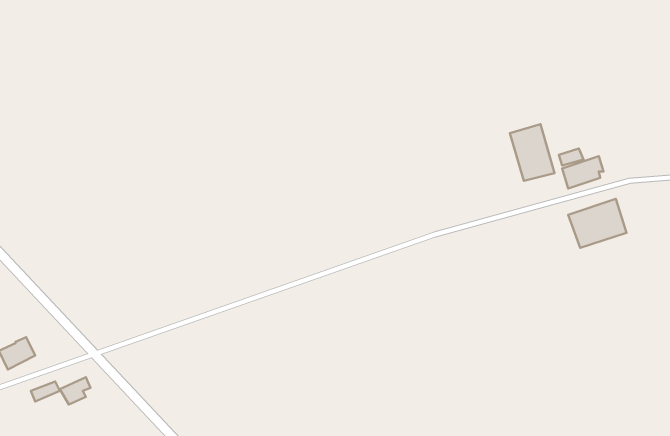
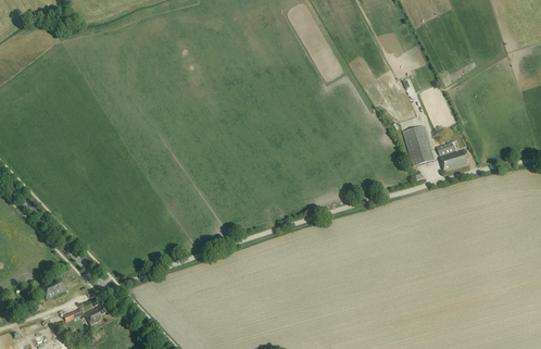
building: [568,199,627,248] -> none

